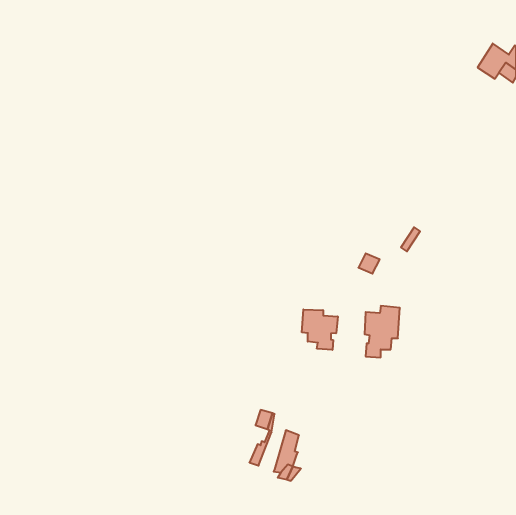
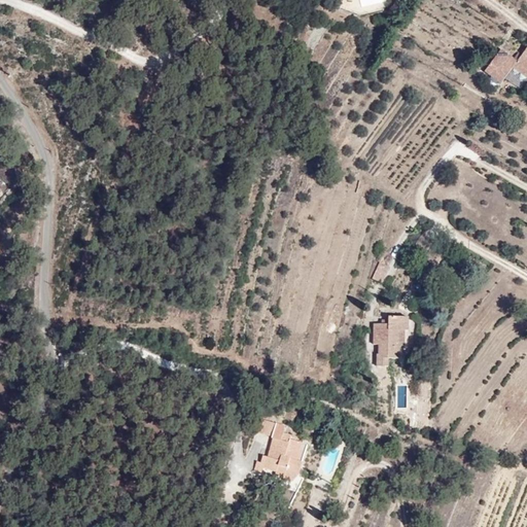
building: [302,309,338,350] -> none
building: none -> [266,423,293,480]

